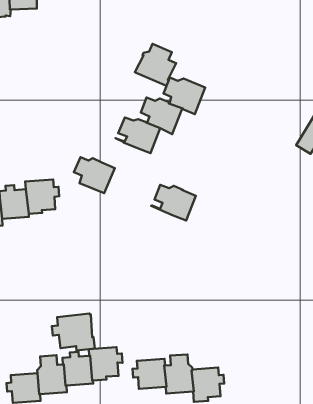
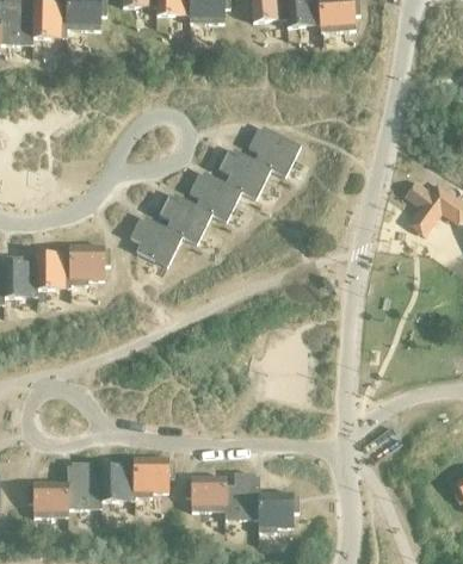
building: [135,44,176,86] -> none
building: [151,185,196,220] -> [155,196,211,242]
building: [52,314,95,350] -> none

